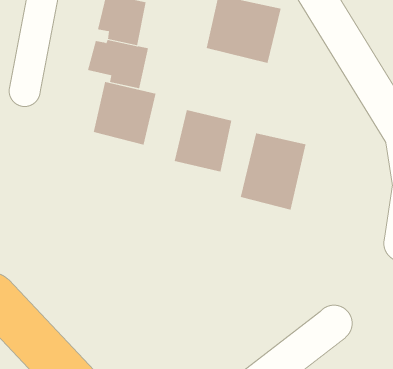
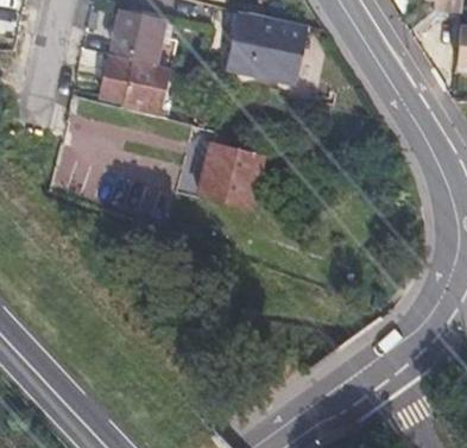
building: [93,81,156,146] -> none
building: [240,132,306,210] -> none

